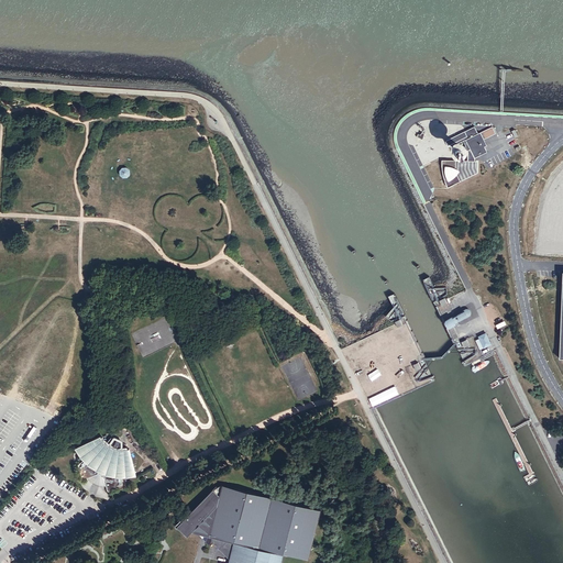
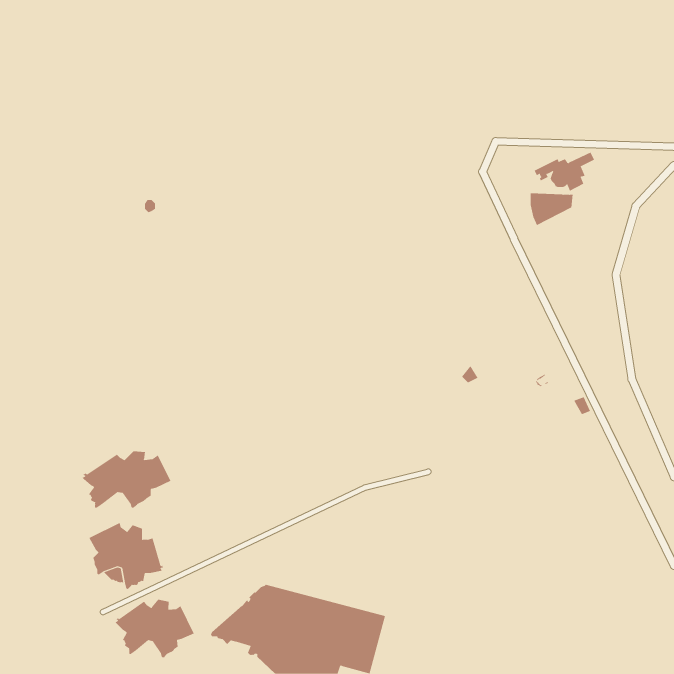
building: none -> [81,451,171,508]
building: none -> [114,599,195,658]

